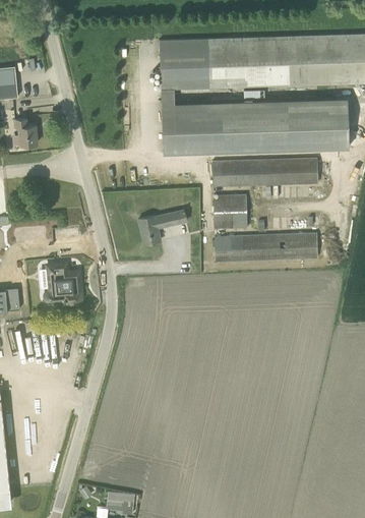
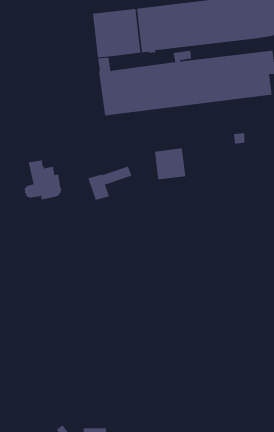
building: [212,159,317,187] -> none
building: [215,235,317,263] -> none
building: [43,265,84,308] -> [24,160,62,200]

